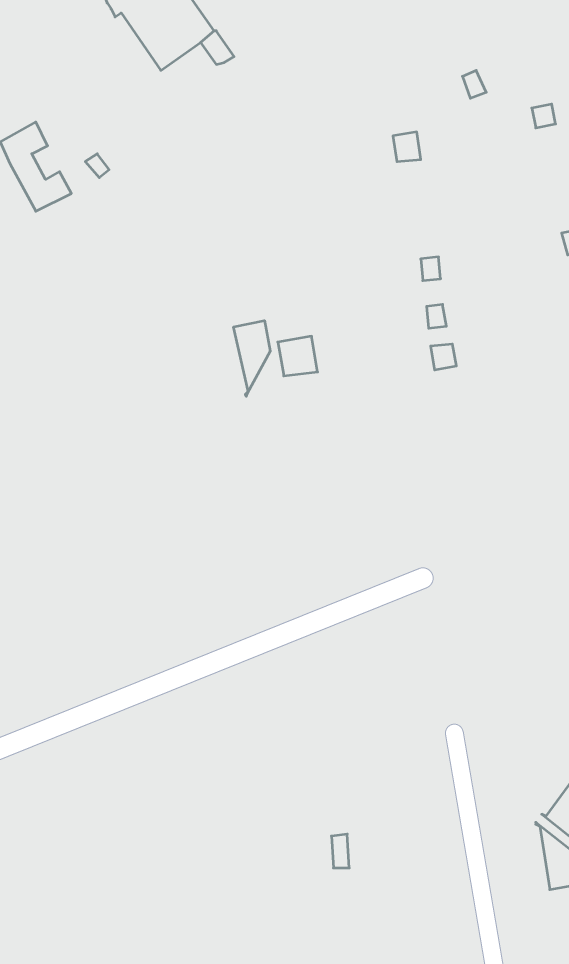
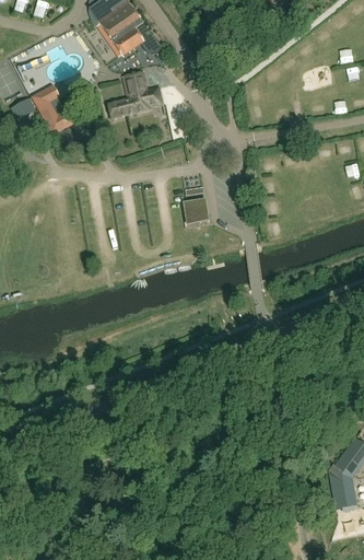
building: none -> [107,71,162,118]
building: [234,321,270,396] -> none

